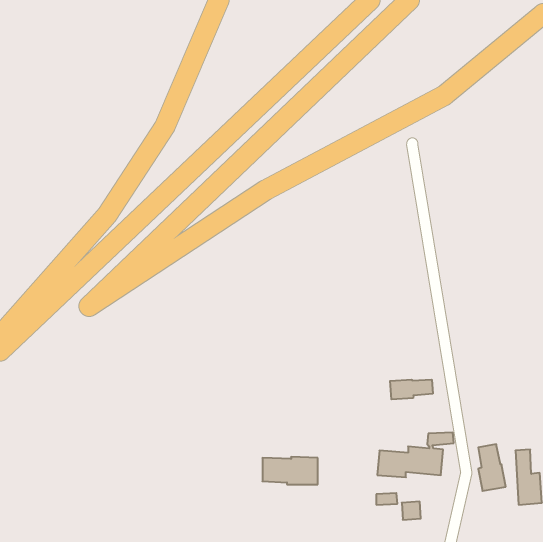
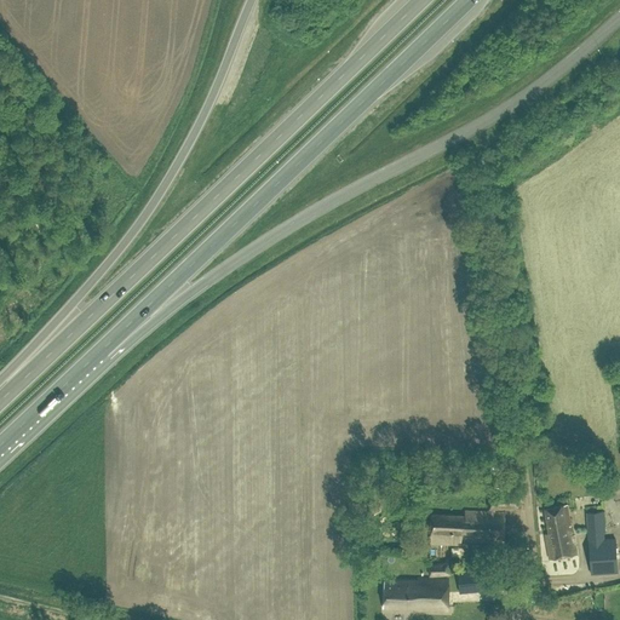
building: [390,380,433,399] -> none
building: [262,457,318,484] -> [384,580,447,612]

